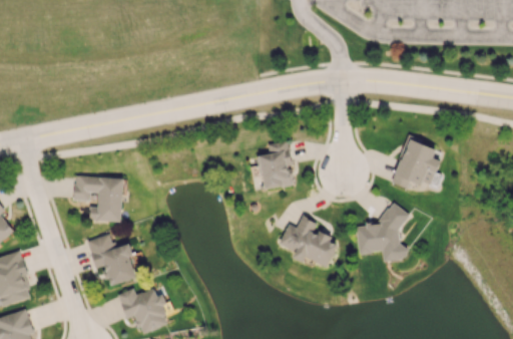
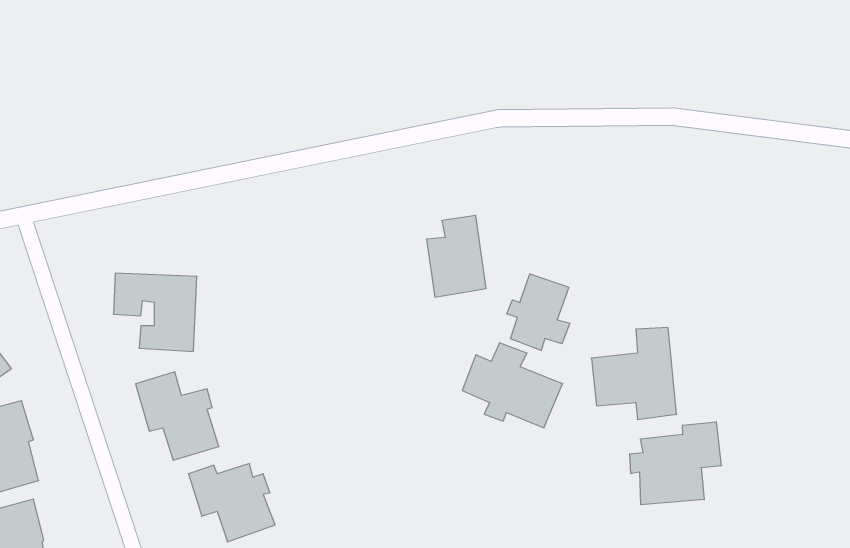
building: [391,137,440,189] -> none
building: none -> [507,274,570,350]
building: none -> [630,422,721,505]

